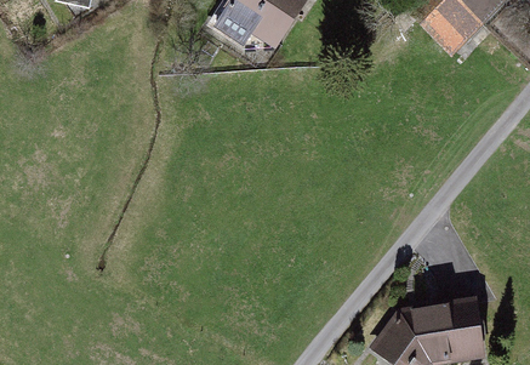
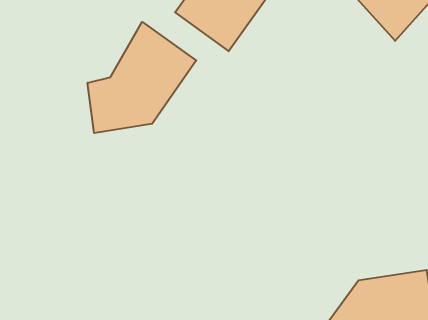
building: none -> [88,22,196,133]

